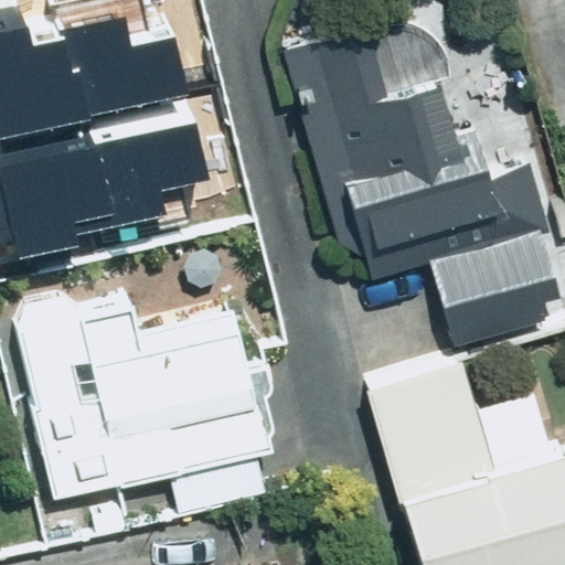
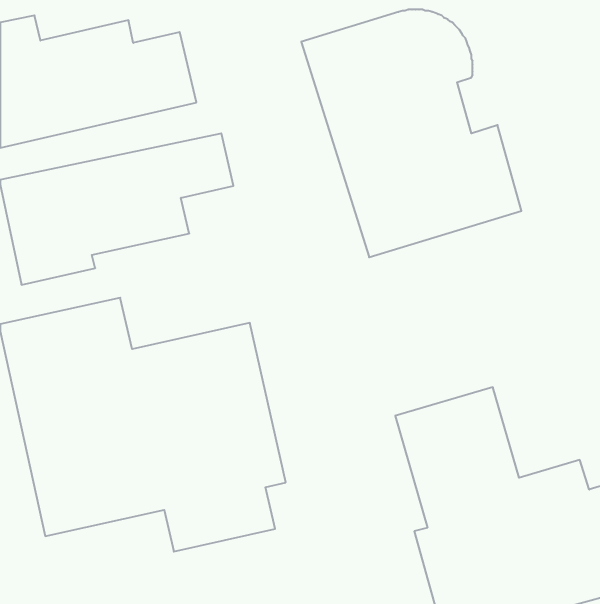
building: [427,228,555,343] -> none

